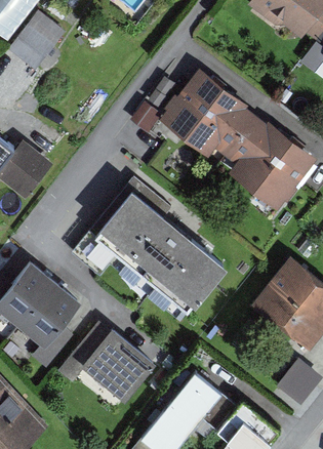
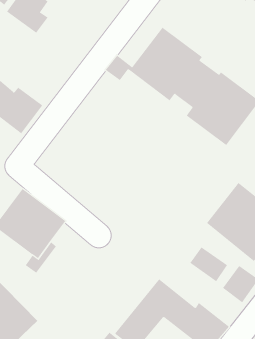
building: [71,176,226,314] -> none
building: [54,319,155,403] -> none
building: none -> [190,247,228,282]

